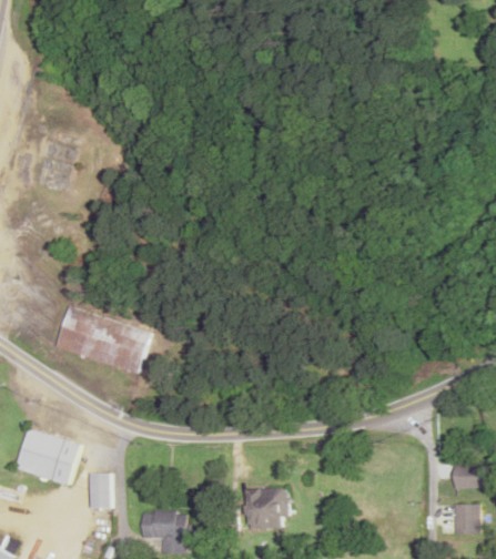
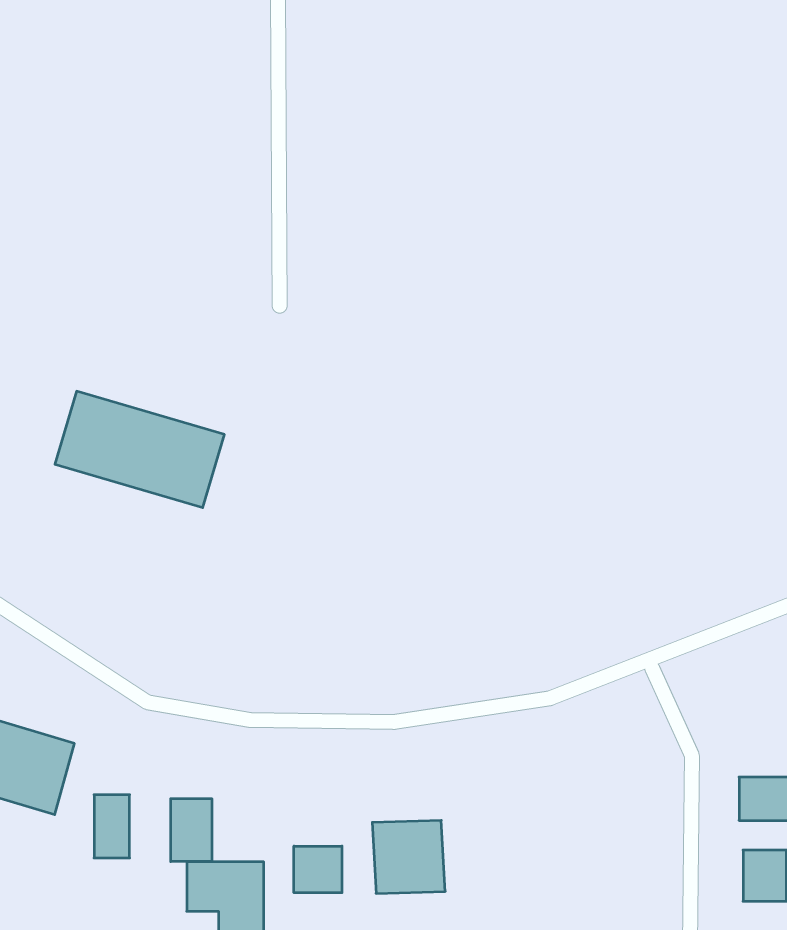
building: [53,307,149,373] -> [55,391,224,508]
building: none -> [171,799,212,862]
building: none -> [294,846,342,893]

